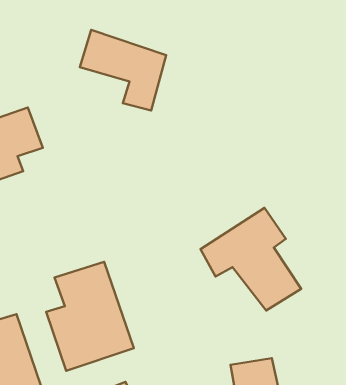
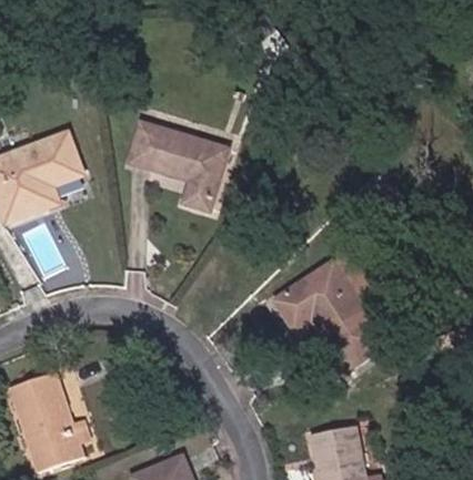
building: [80,30,166,111] -> [129,120,231,215]
building: [46,262,134,371] -> none

